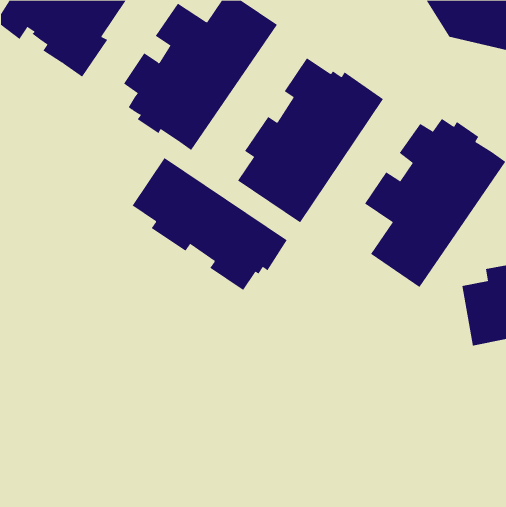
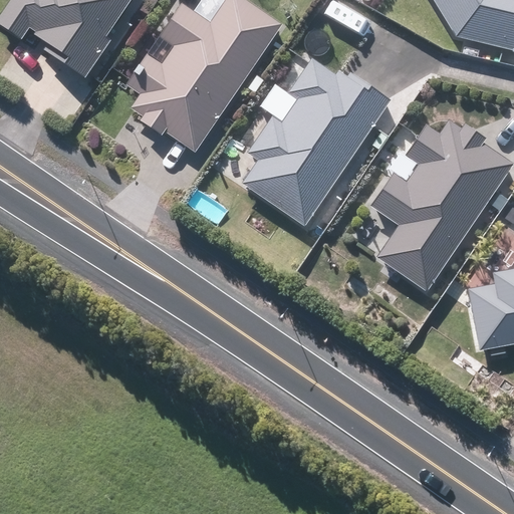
building: [132,157,287,291] -> none

